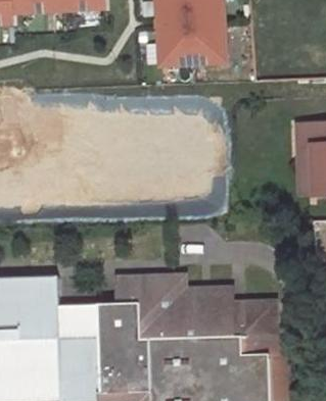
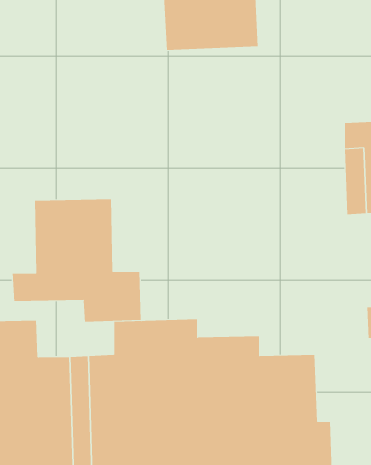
building: none -> [12,199,141,322]

